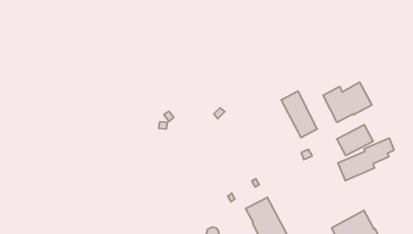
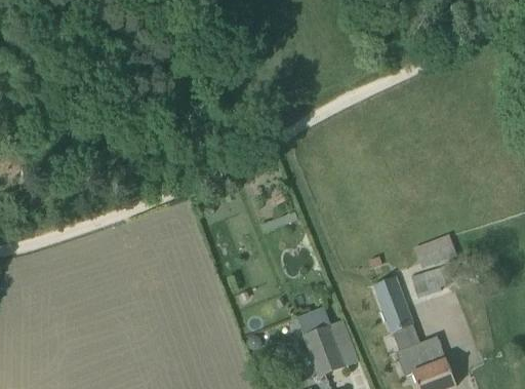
building: [323,82,372,122] -> none
building: [281,91,317,138] -> [374,276,413,332]

